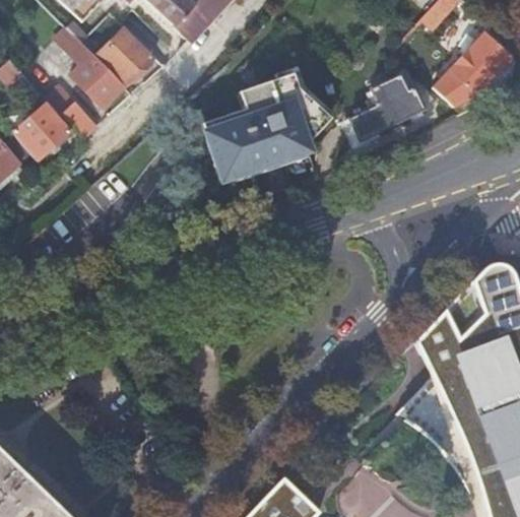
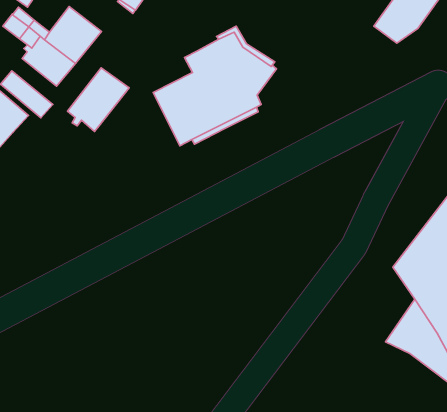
building: [350,75,426,141] -> none
building: none -> [68,68,129,132]

